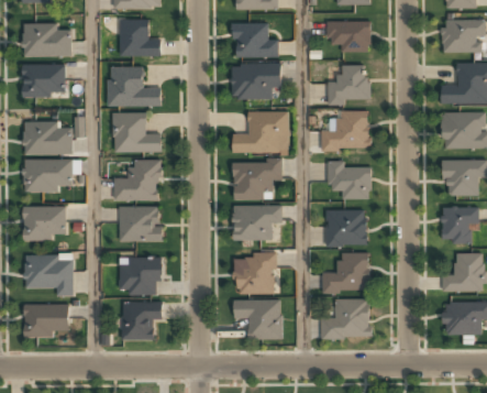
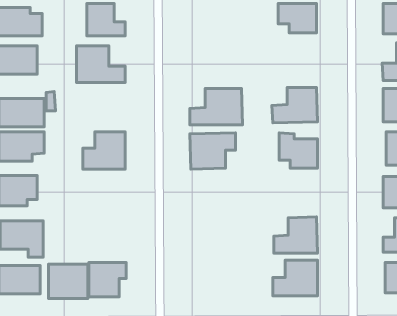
building: [232,23,278,58] -> none
building: [230,65,280,100] -> none
building: [326,65,367,101] -> none
building: [112,113,161,152] -> none
building: [118,206,162,240] -> none
building: [232,206,280,240] -> none
building: [324,210,366,245] -> none
building: [233,255,275,294] -> none
building: [118,256,161,294] -> [48,264,88,299]
building: [232,298,281,340] -> none

